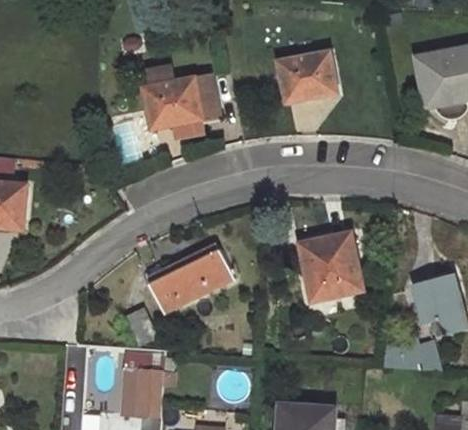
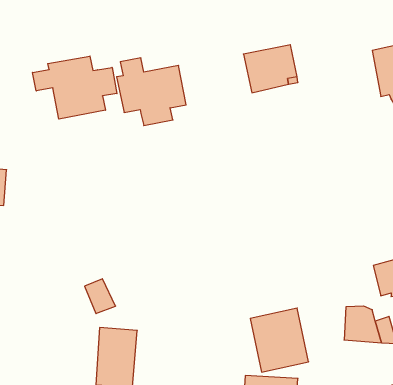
building: none -> [33,56,117,119]
building: [299,232,361,300] -> [250,308,309,372]
building: [149,248,234,313] -> none

